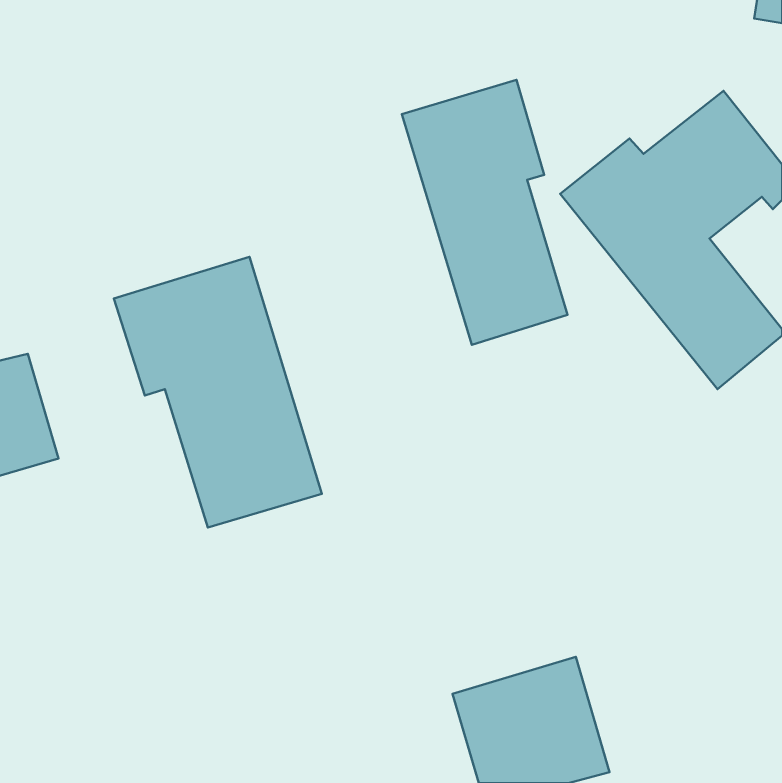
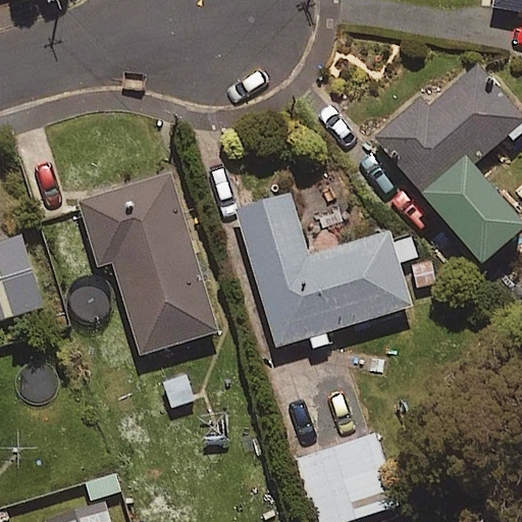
building: [402,80,568,345] -> none
building: none -> [239,199,421,355]

